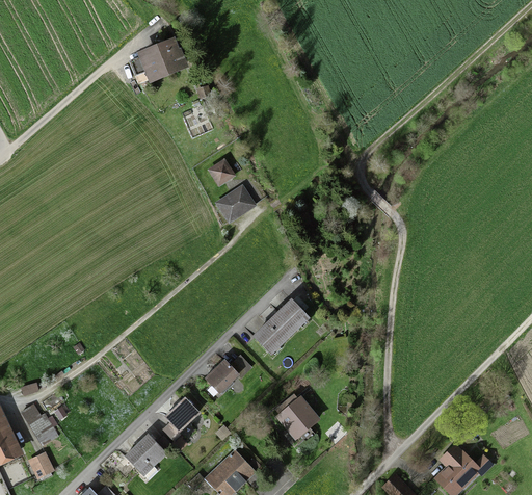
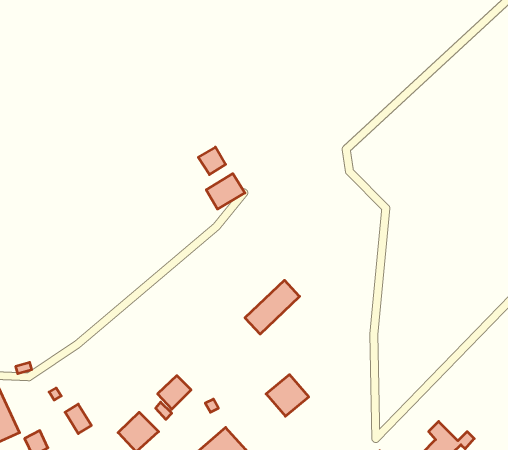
building: [137,45,187,89] -> none
building: [207,360,239,392] -> none
building: [21,405,48,435] -> [65,404,91,434]

